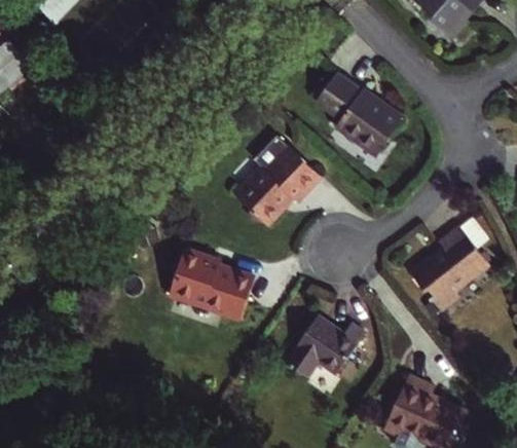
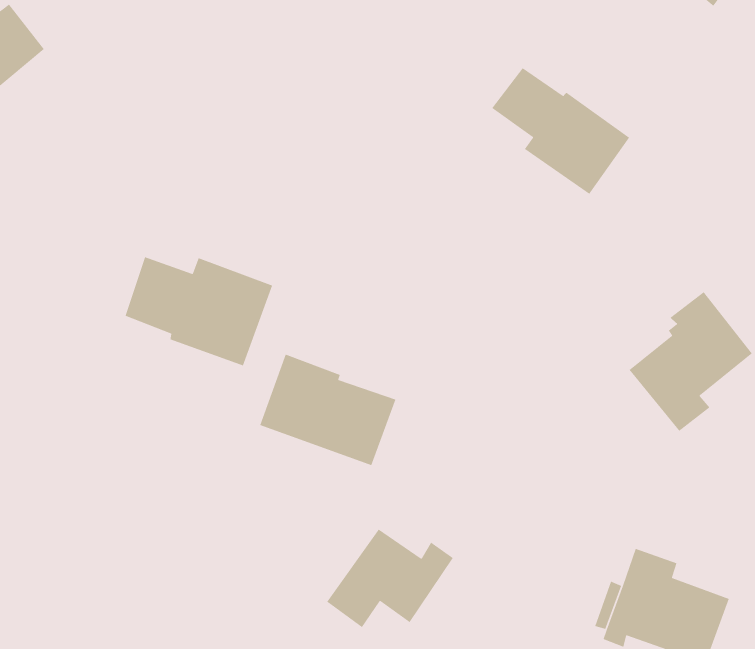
building: [237,142,322,221] -> none
building: none -> [124,256,273,367]
building: [282,313,362,376] -> [326,528,454,628]

